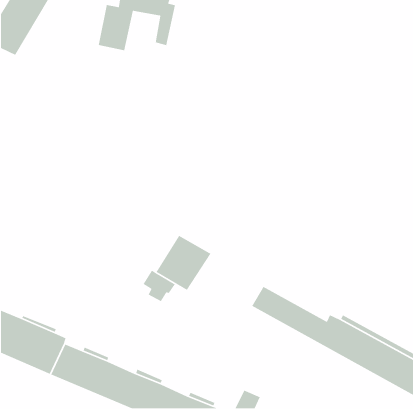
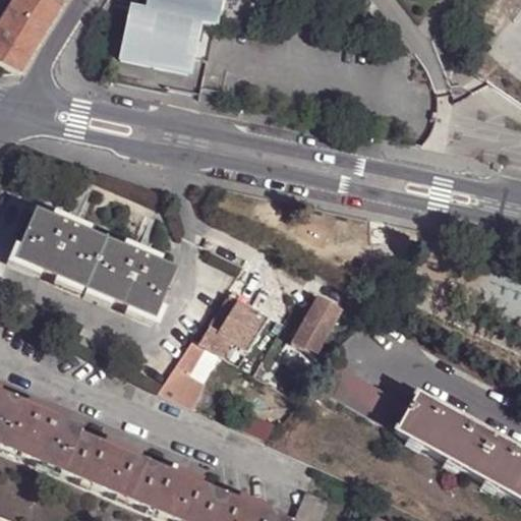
building: none -> [158,14,201,71]
building: none -> [12,207,175,321]
building: none -> [291,295,341,354]
building: none -> [159,357,206,408]

